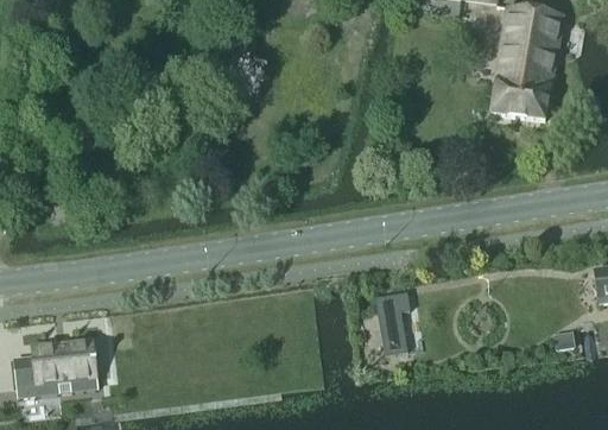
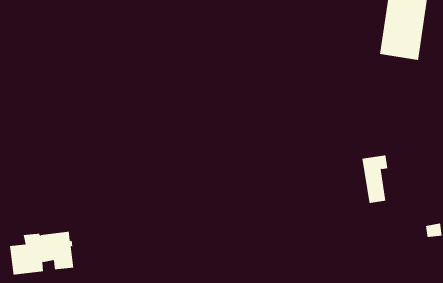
building: [375,292,410,355] -> [361,155,388,203]

